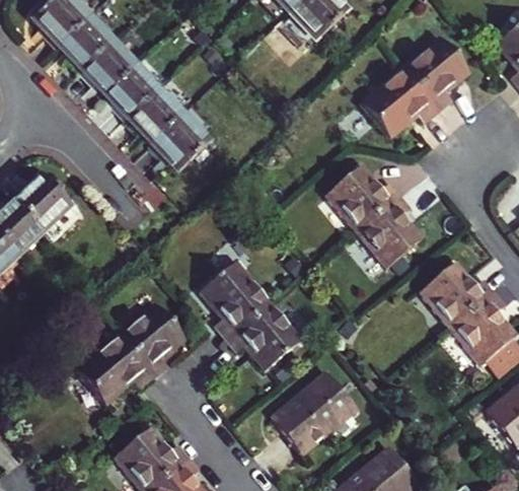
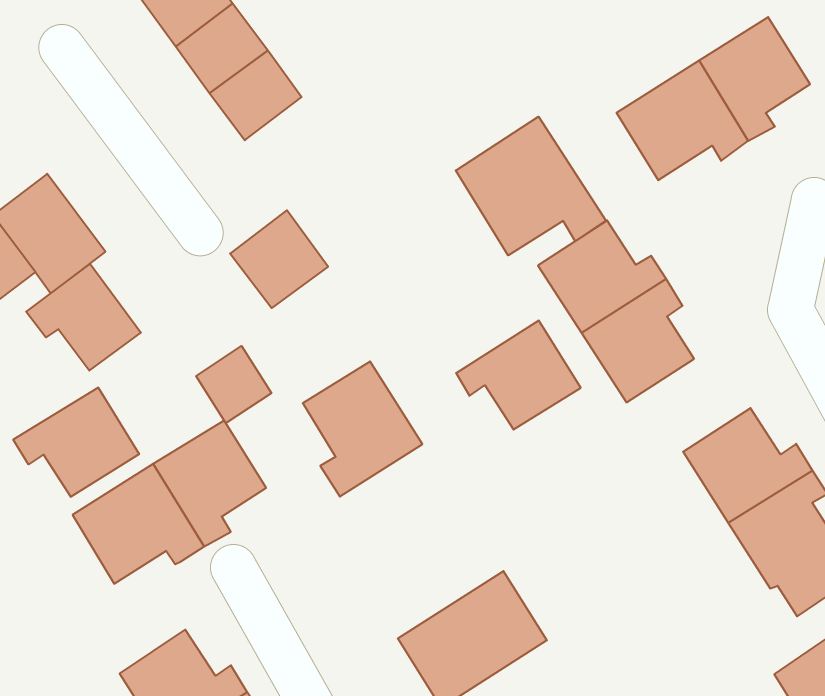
building: none -> [456,117,606,255]
building: [150,115,207,171] -> [230,210,328,308]
building: none -> [26,264,141,371]
building: none -> [196,346,271,423]
building: none -> [13,387,139,497]
building: [228,304,300,368] -> [456,321,581,430]

